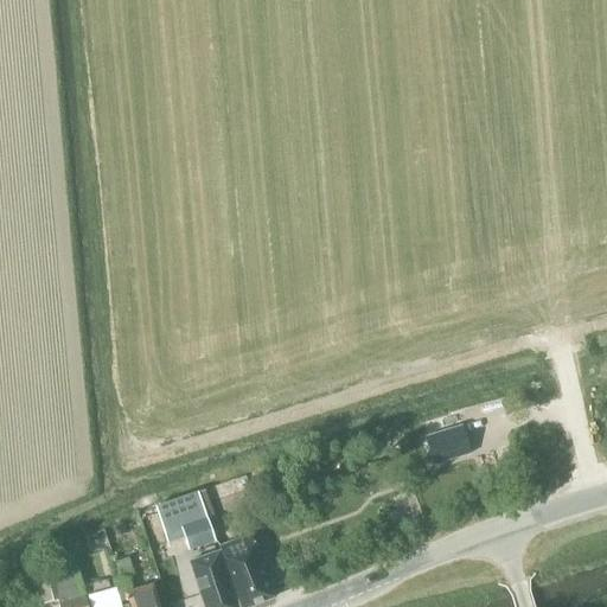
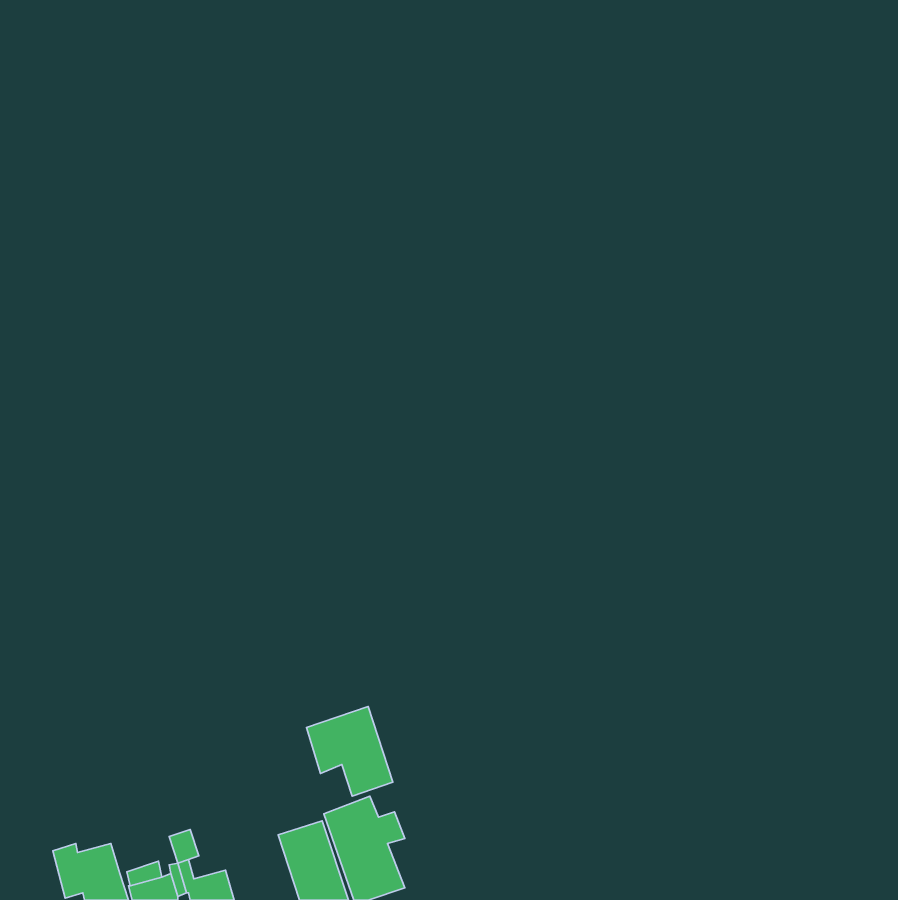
building: [427,427,471,465] -> none
building: [156,492,215,552] -> [307,706,393,796]

